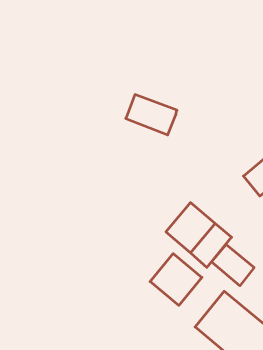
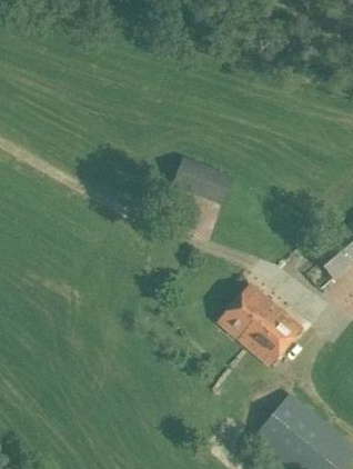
building: [212,244,254,286] -> none
building: [150,254,202,305] -> none

